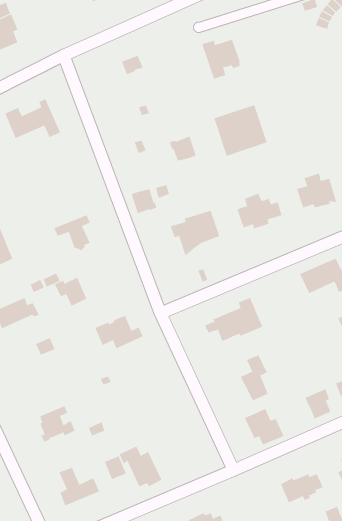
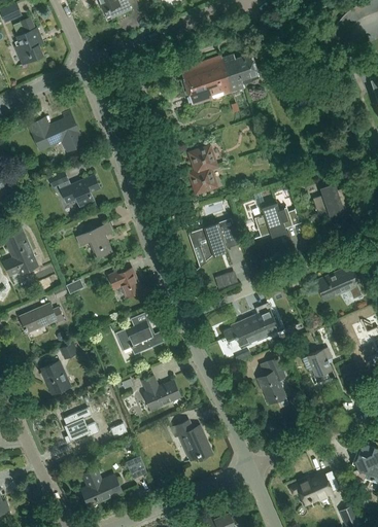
building: [214,104,268,156] -> [179,56,232,106]
building: none -> [48,170,100,207]
building: [131,189,157,214] -> [191,169,216,194]
building: [54,277,87,306] -> [109,269,141,297]
building: none -> [41,361,70,394]
building: none -> [142,376,179,410]
building: [305,388,331,419] -> [307,348,333,378]
building: [244,408,284,445] -> none
building: [119,446,162,487] -> [171,420,213,460]

